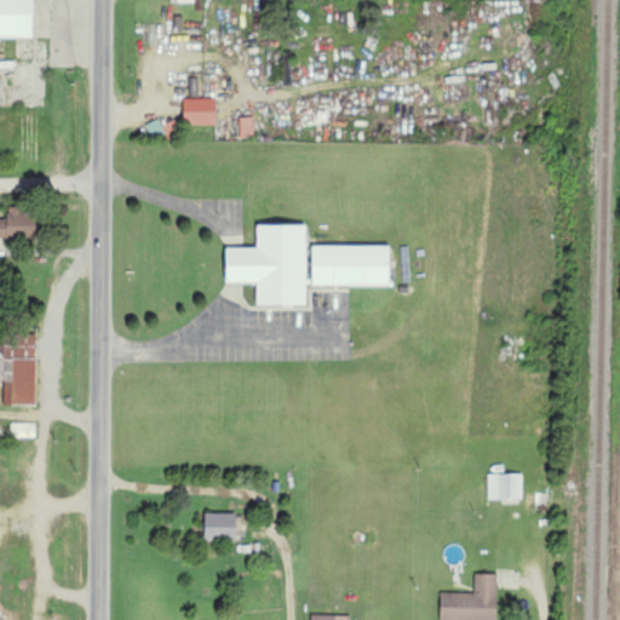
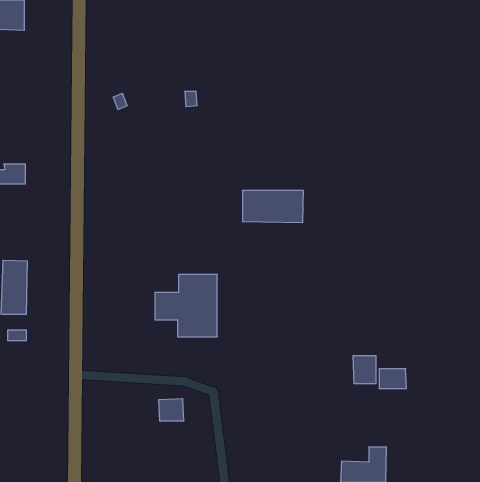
building: [182,99,214,126] -> none
building: [226,224,306,304] -> [155,274,217,337]
building: none -> [353,355,376,384]

